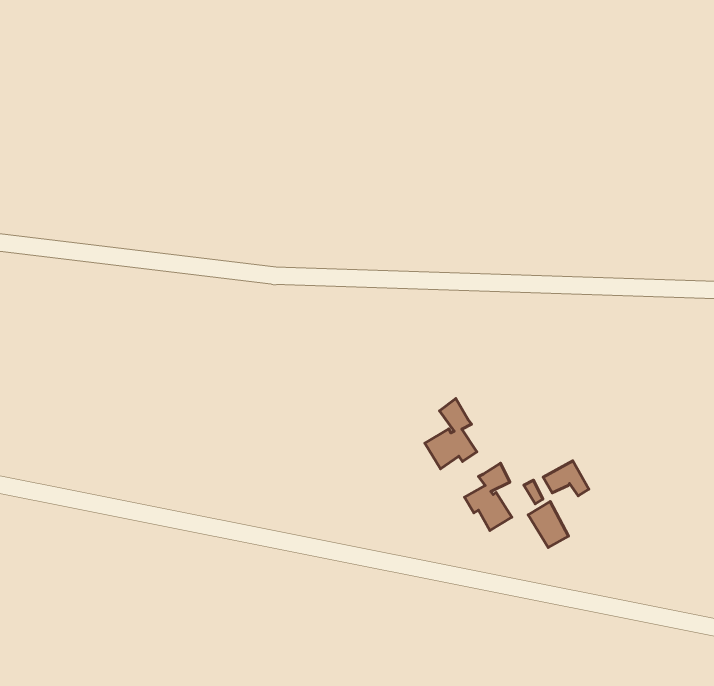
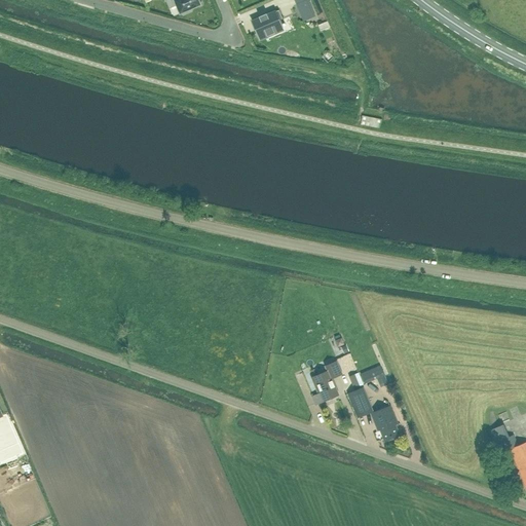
building: [425,399,477,469] -> none
building: none -> [372,405,401,440]

